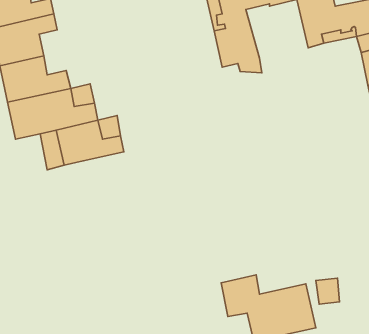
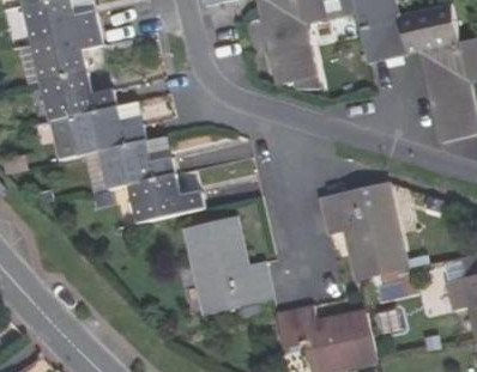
building: none -> [131,173,204,221]
building: none -> [320,182,405,279]
building: none -> [188,217,273,315]

